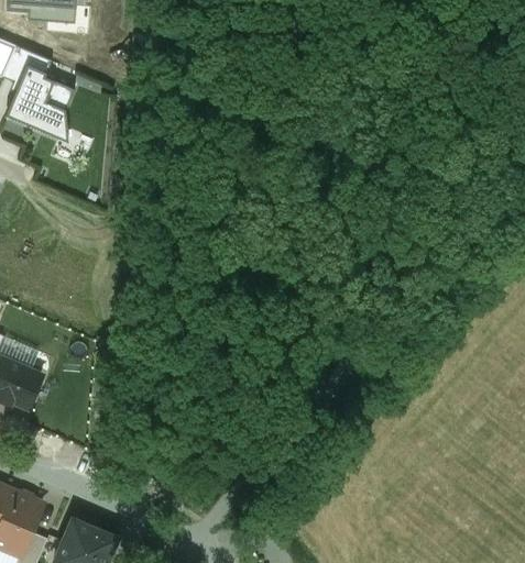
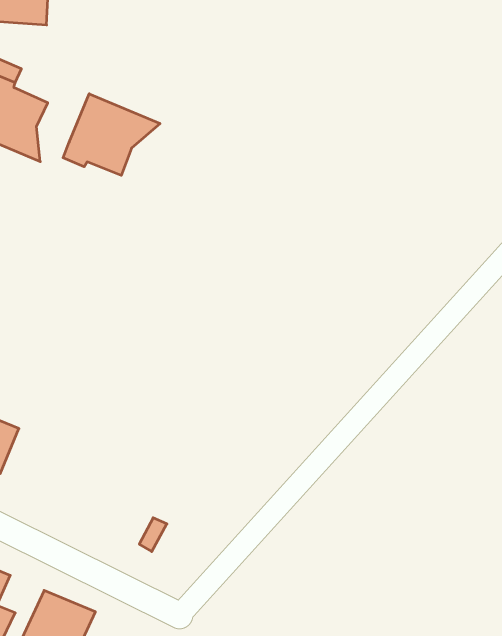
building: none -> [63,94,160,175]

